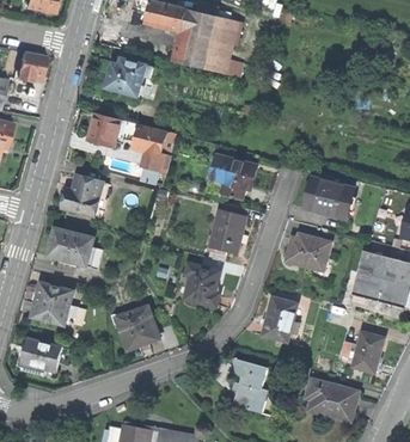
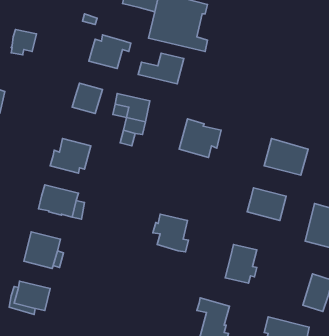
building: none -> [138,53,184,84]
building: [209,199,246,252] -> none
building: [111,305,159,349] -> none

